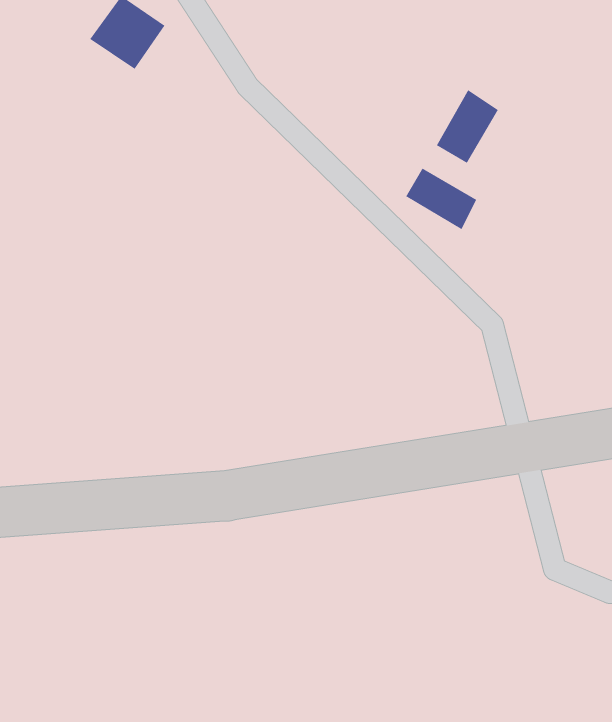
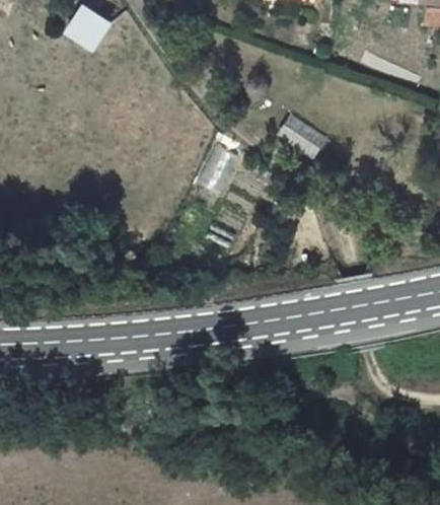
building: [436,89,499,164] -> none

